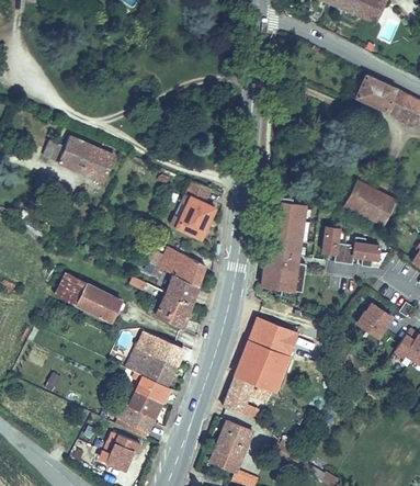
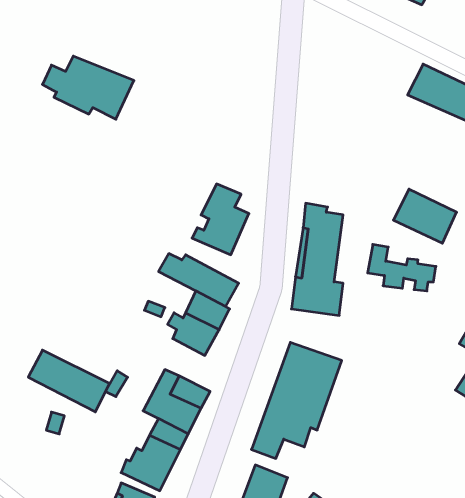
building: [43,128,121,182] -> [42,56,134,119]
building: [55,268,124,320] -> [28,350,110,412]
building: [357,306,389,340] -> none

